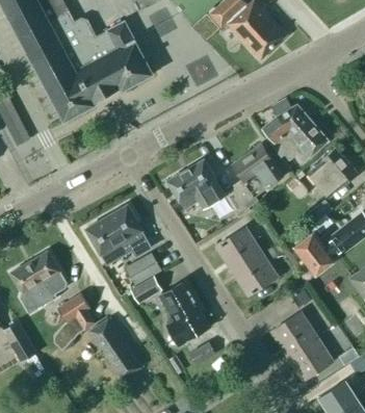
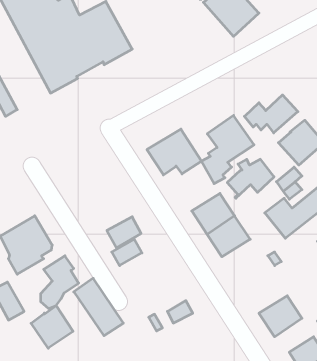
building: [262,104,312,146] -> [227,159,274,198]
building: [85,205,151,265] -> none
building: [160,281,209,344] -> none
building: [271,312,317,356] -> none
building: none -> [31,306,73,348]

